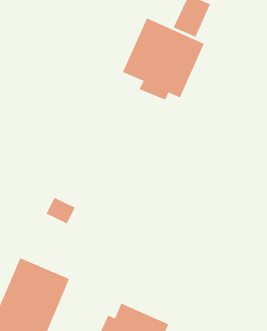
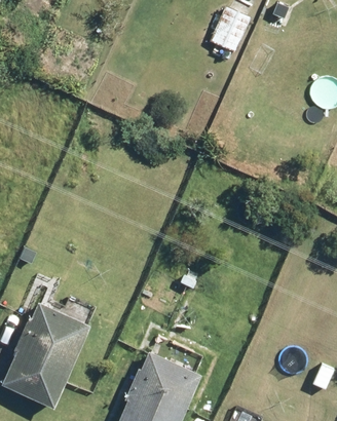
building: [122,17,204,101] -> none

